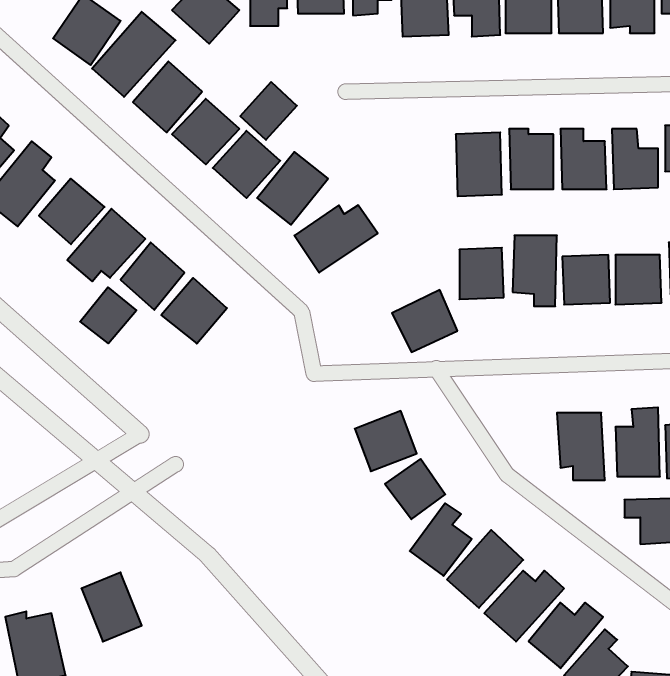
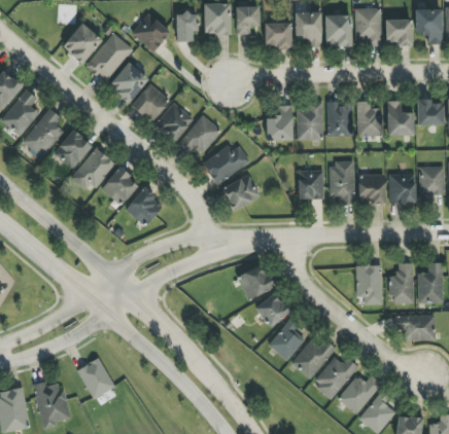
building: [240,82,297,140] -> none
building: none -> [266,105,292,140]
building: [80,287,136,343] -> none
building: [392,290,457,352] -> [221,174,260,210]

